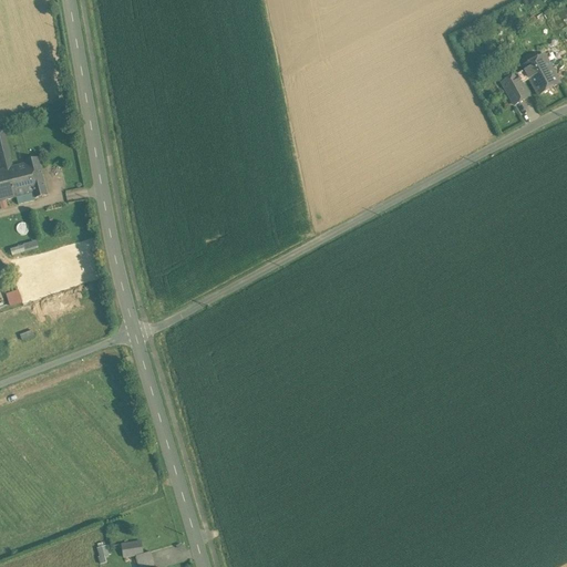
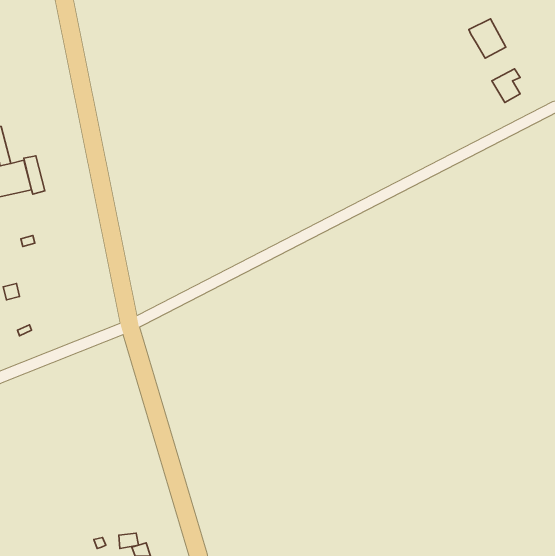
building: [520,54,558,94] -> [469,19,506,58]

